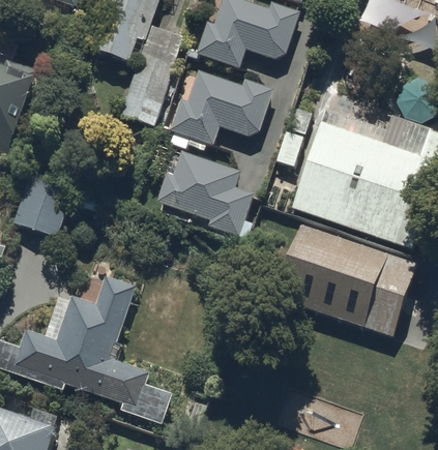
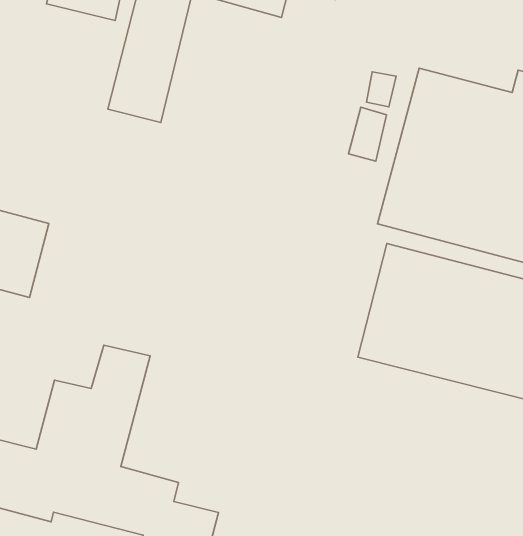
building: [171,68,273,143] -> none
building: [154,149,252,236] -> none

